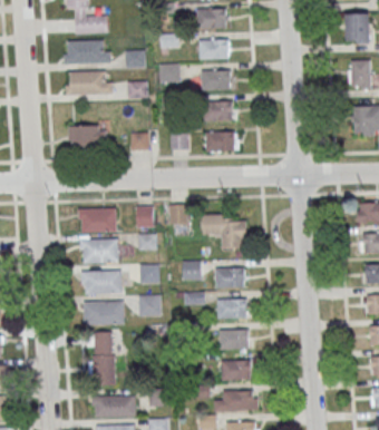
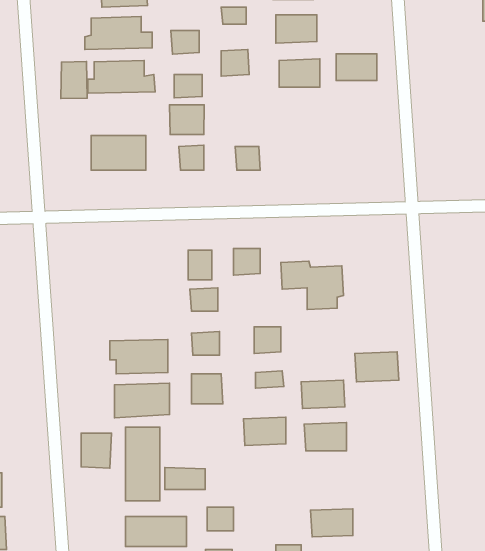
building: none -> [61,61,87,99]
building: [203,101,232,120] -> [336,54,377,81]
building: none -> [170,105,204,134]
building: [205,131,234,152] -> none
building: [77,208,116,232] -> none
building: [79,238,117,263] -> none
building: [214,267,245,289] -> [355,352,399,382]
building: none -> [81,433,112,468]
building: [221,360,251,380] -> [243,417,286,445]
building: none -> [165,468,205,490]

